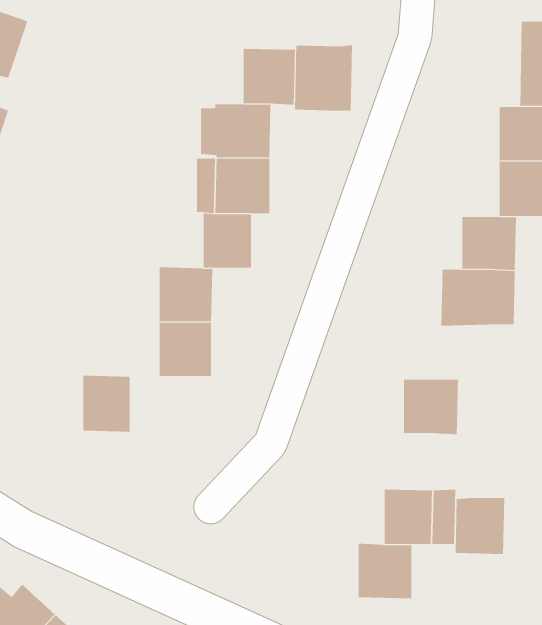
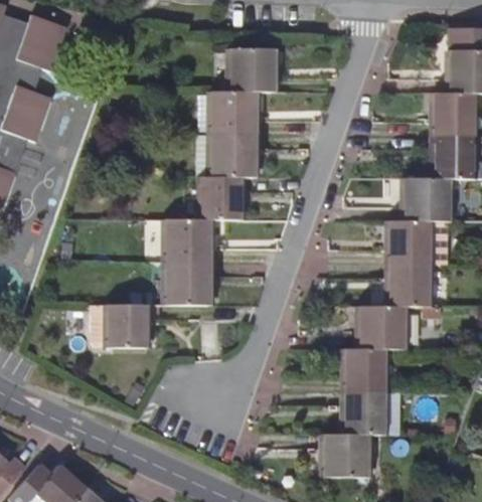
building: [294,45,353,112] -> none
building: none -> [387,264,425,306]
building: [455,498,505,555] -> [343,348,382,392]

